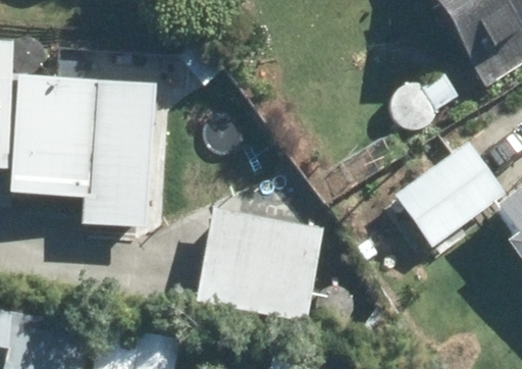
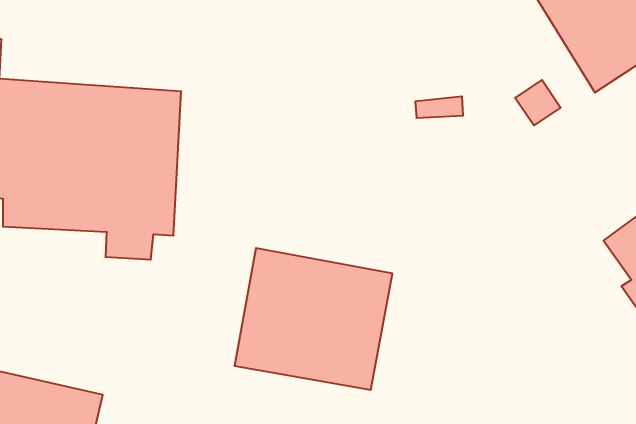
building: [396,141,506,245] -> none

